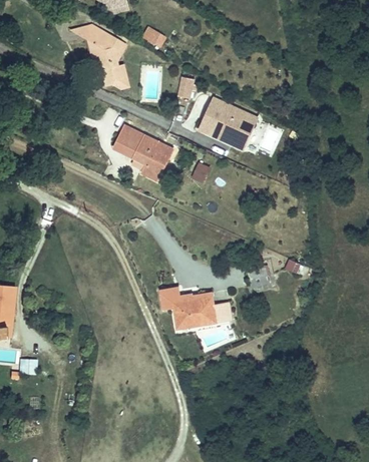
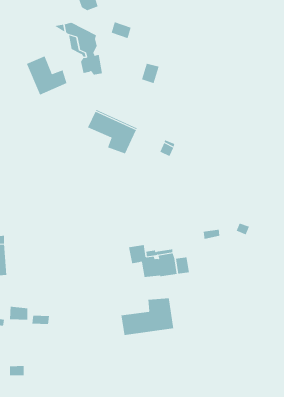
building: none -> [26,56,67,95]
building: [195,95,258,151] -> none
building: none -> [121,298,174,336]

